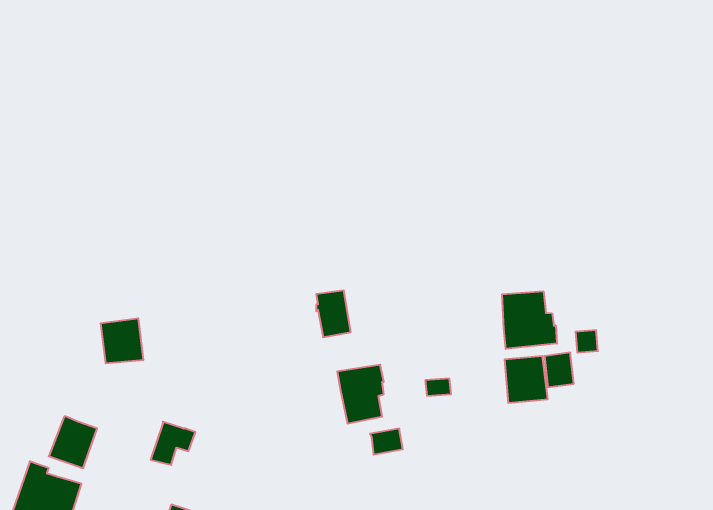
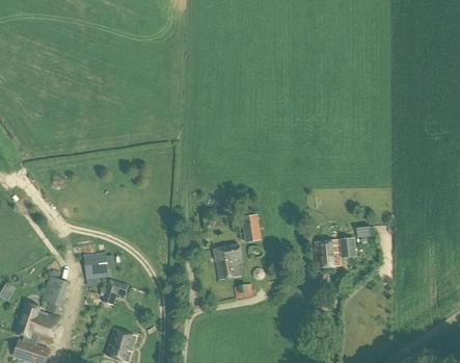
building: [316,291,351,337] -> [241,214,262,242]
building: [502,291,557,349] -> none
building: [100,318,144,363] -> [83,252,109,279]

